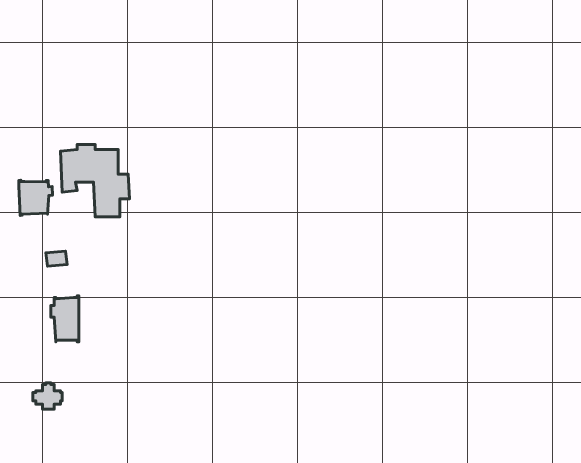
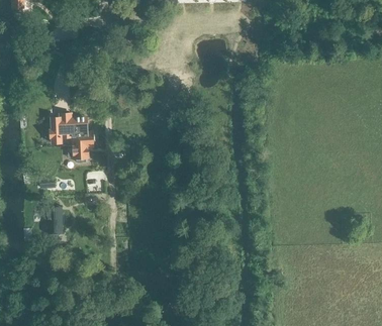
building: [19,180,53,215] -> none

